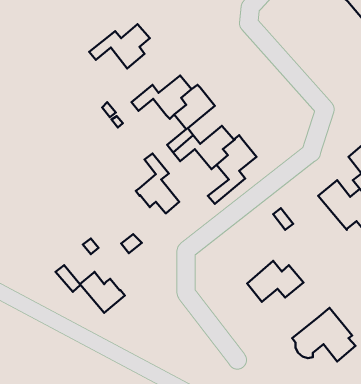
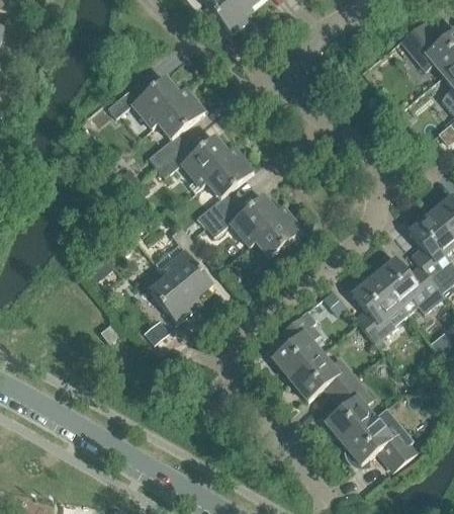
building: none -> [147,87,203,167]
building: none -> [352,276,399,342]
building: none -> [272,313,321,378]
building: [55,265,125,313] -> [120,267,201,323]
building: none -> [325,377,374,442]

